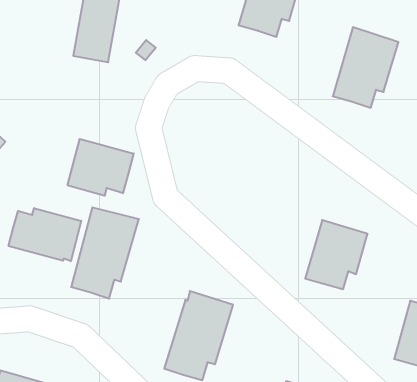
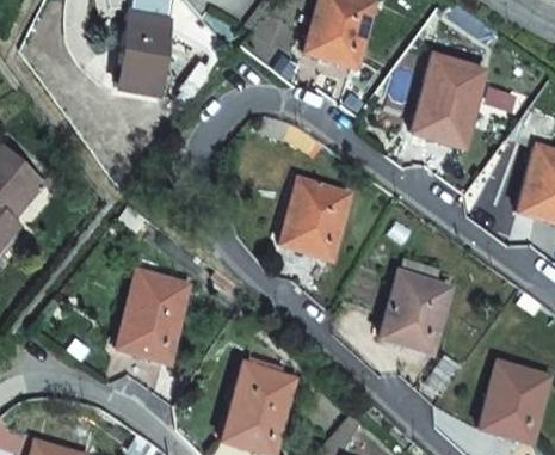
building: none -> [280,178,351,257]
building: [68,139,134,196] -> none
building: [9,208,81,261] -> none

